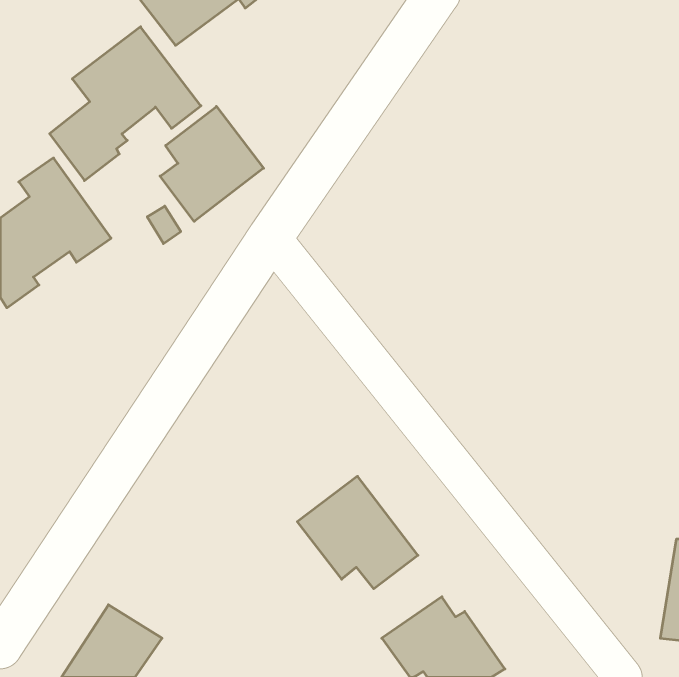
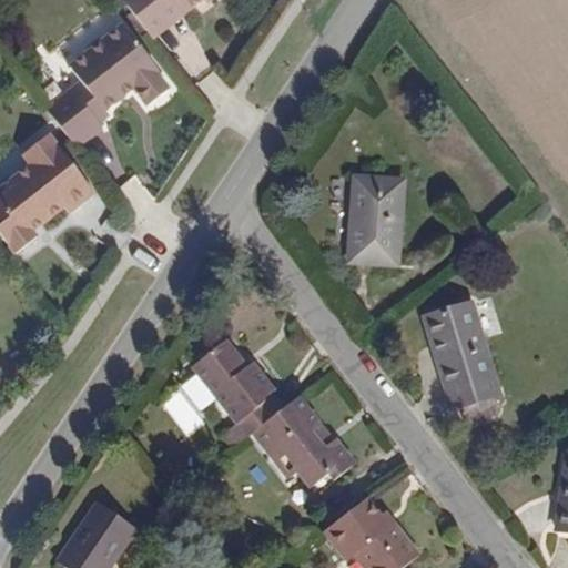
building: [160,106,264,221] -> none
building: none -> [346,172,407,266]
building: none -> [425,296,505,412]
building: none -> [191,339,276,423]

